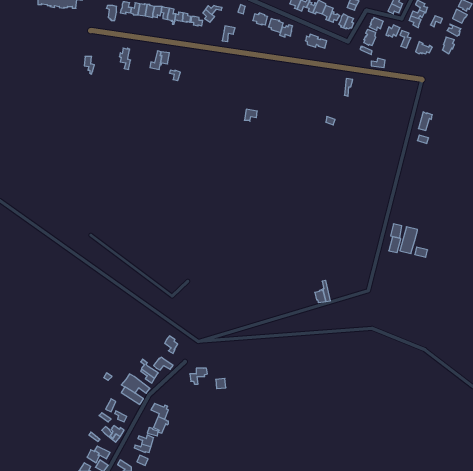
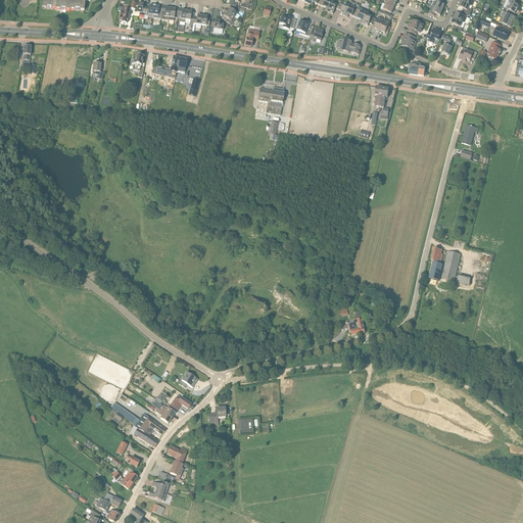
building: none -> [257,87,284,114]

